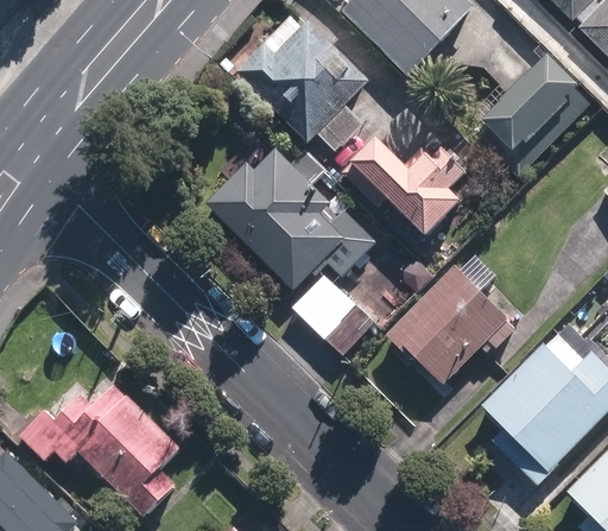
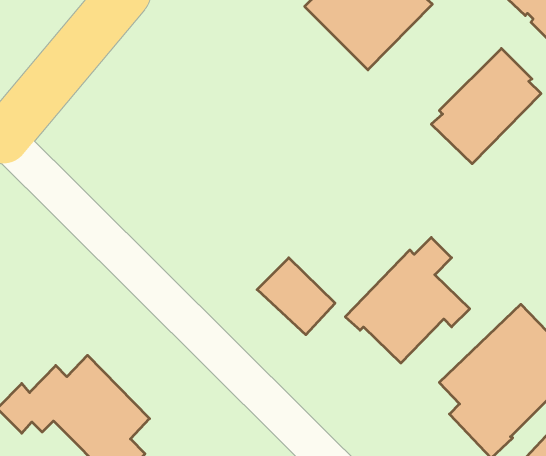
building: [232,19,365,150] -> none
building: [342,135,468,235] -> none
building: [201,146,372,290] -> none

